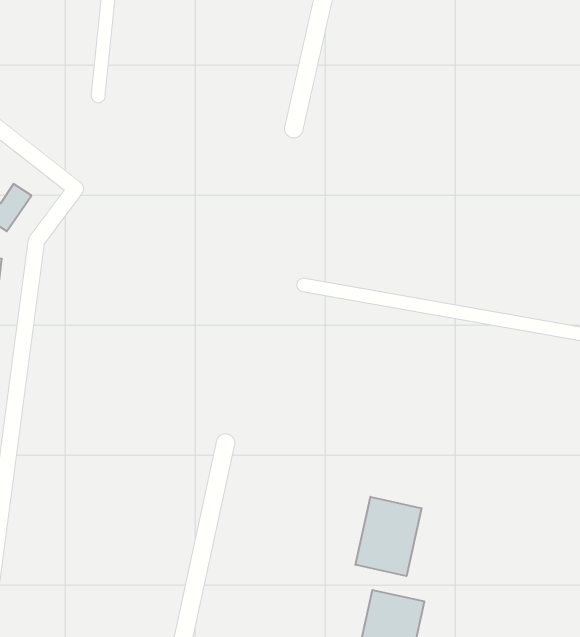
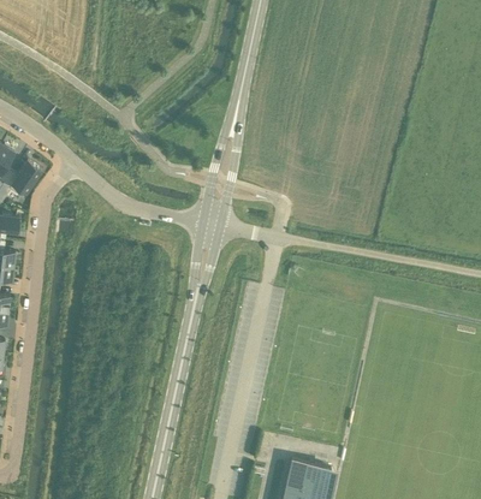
building: [355,497,421,576] -> none

